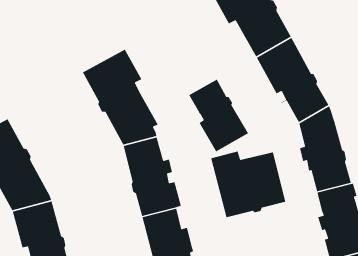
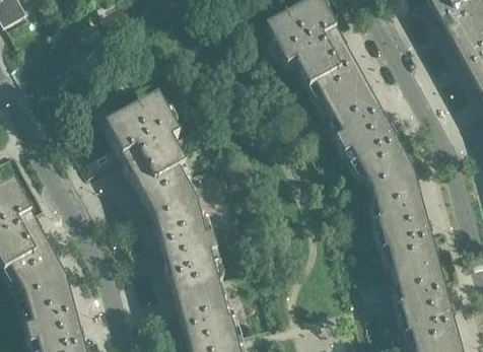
building: [188,79,249,152] -> none
building: [210,150,286,218] -> none

